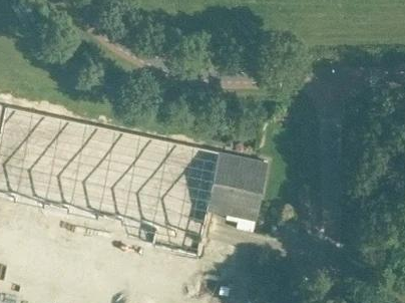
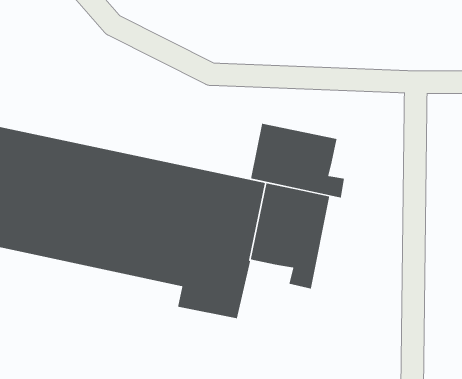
building: none -> [250,123,345,198]

